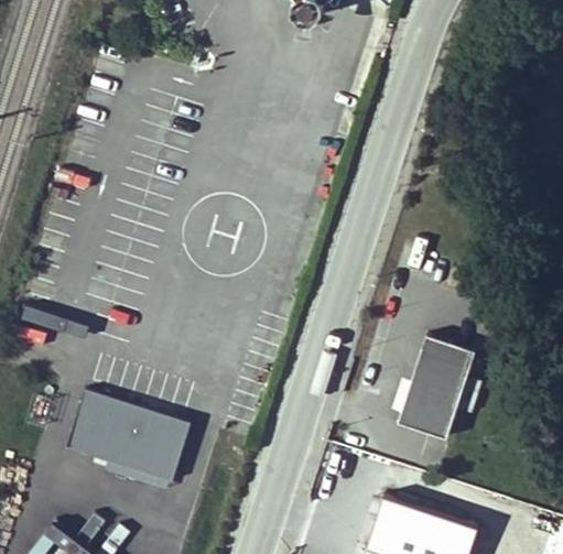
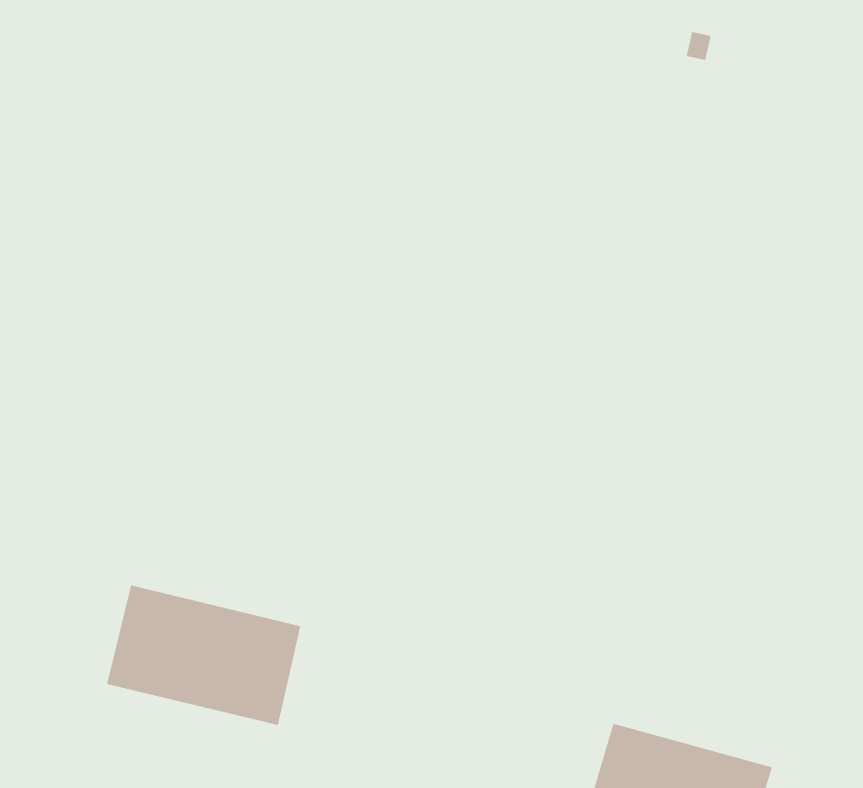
building: [400,334,475,433] -> none

